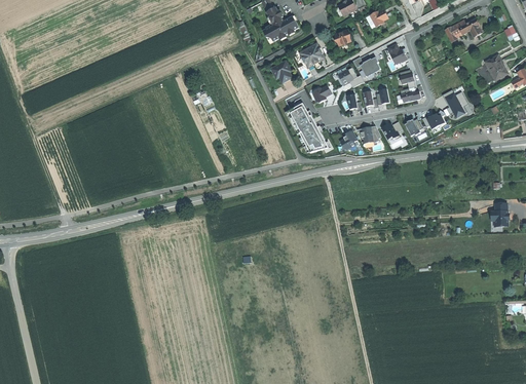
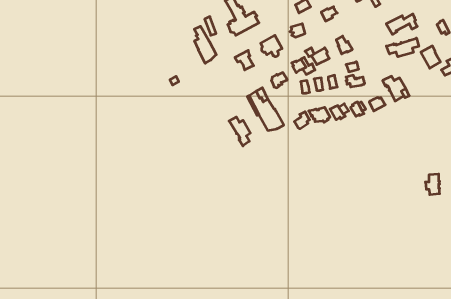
building: none -> [194,26,216,63]
building: none -> [386,38,419,57]
building: none -> [229,117,250,146]

